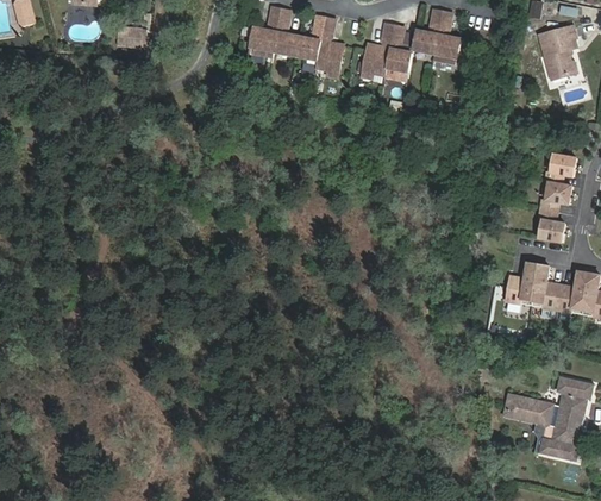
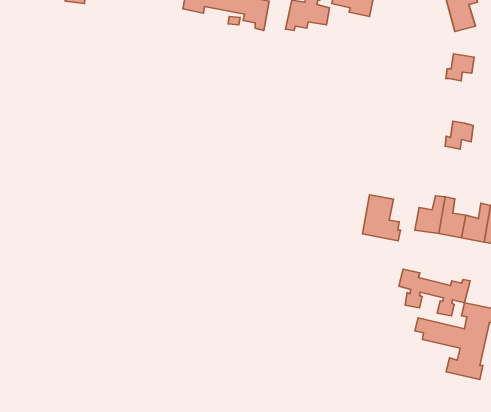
building: [543,150,574,180] -> [446,54,474,81]
building: [536,205,563,237] -> none
building: none -> [363,195,400,241]
building: none -> [399,269,470,316]

